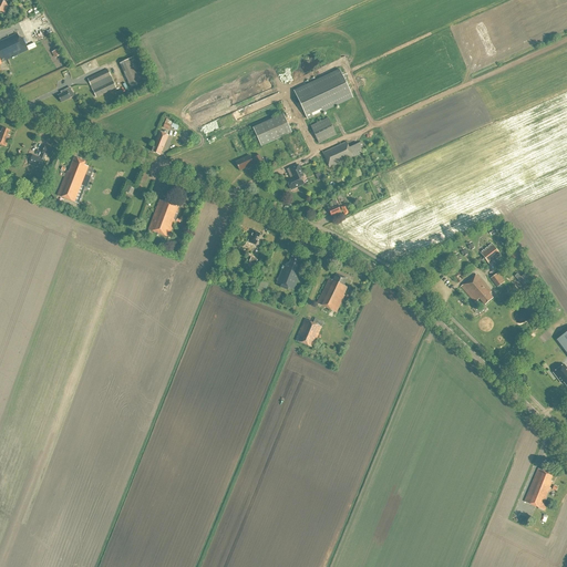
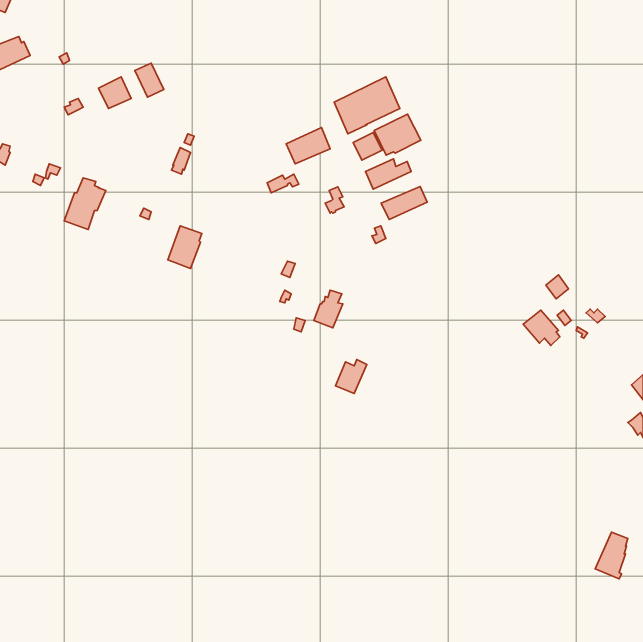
building: none -> [374,114,421,155]
building: none -> [381,187,427,220]
building: [316,271,347,311] -> none

